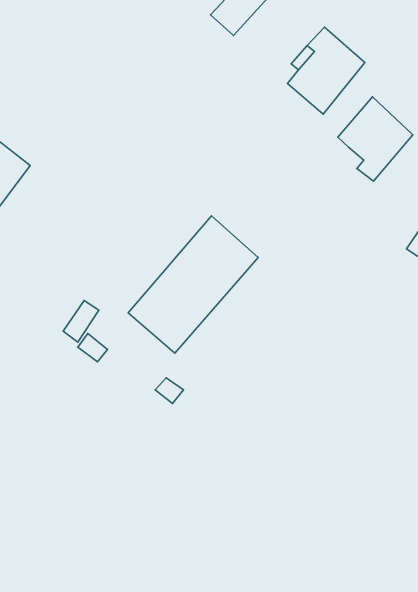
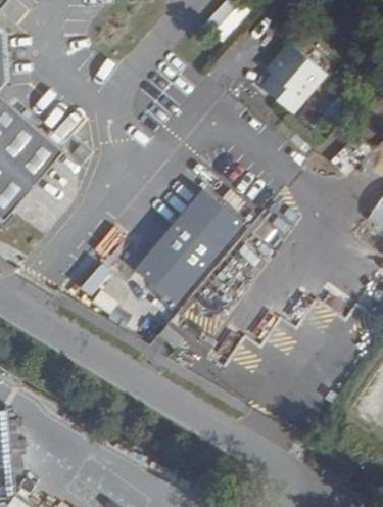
building: [338,97,413,181] -> none

